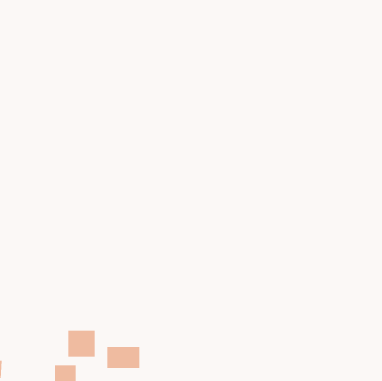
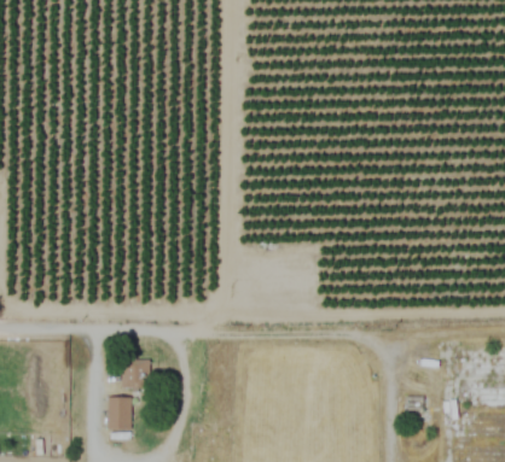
building: [107,346,140,369] -> none

